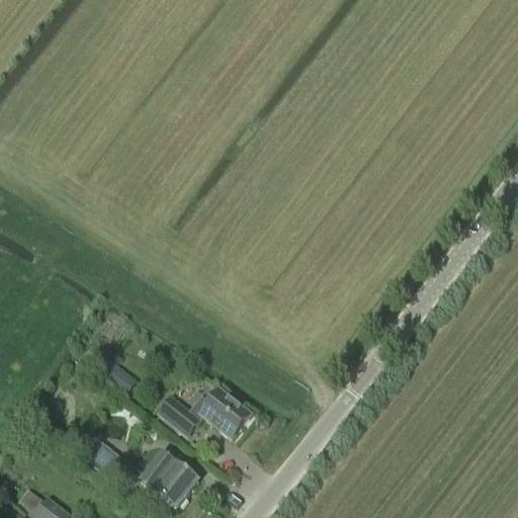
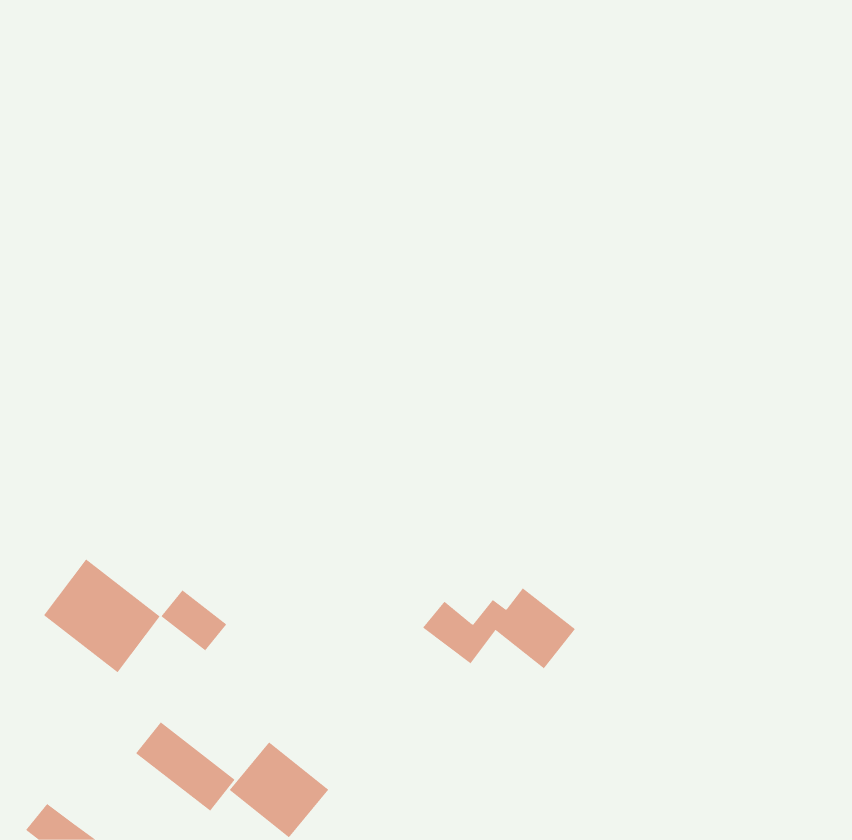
building: none -> [43,558,160,673]
building: [159,387,252,437] -> [422,587,576,669]

